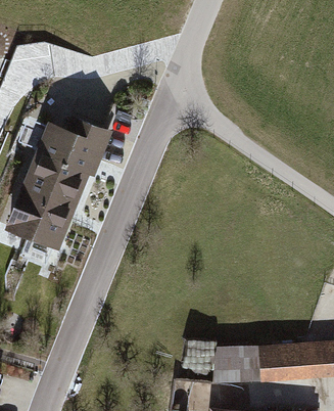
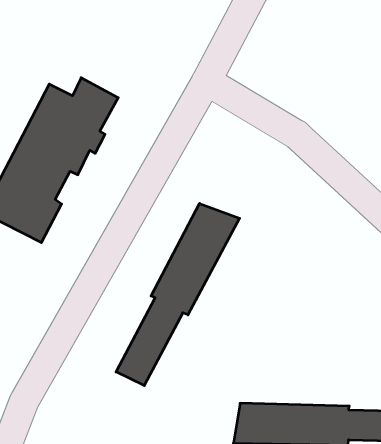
building: none -> [116,203,240,386]

